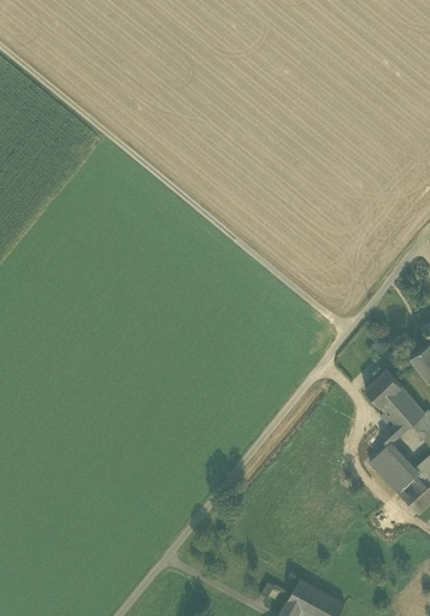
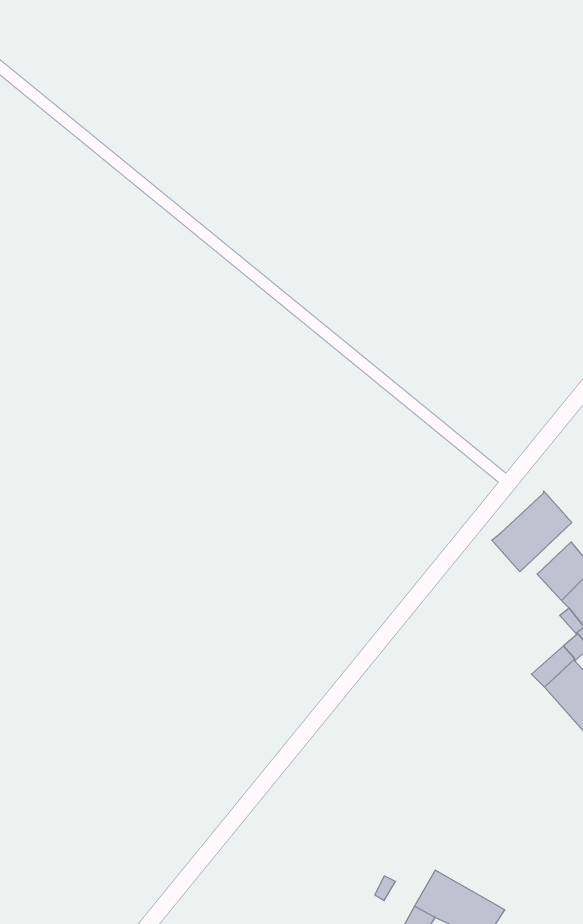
building: none -> [492,491,572,572]

